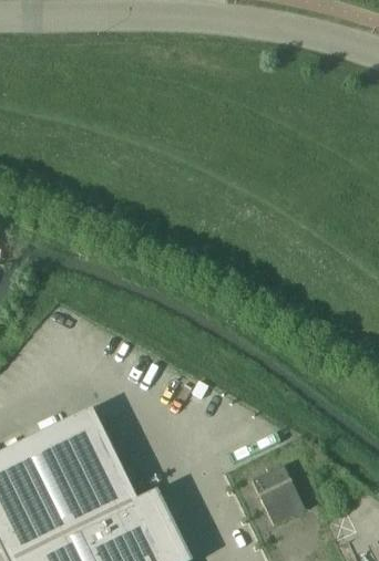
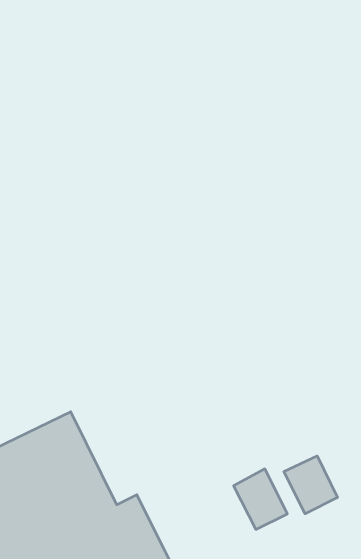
building: none -> [284,456,337,514]

